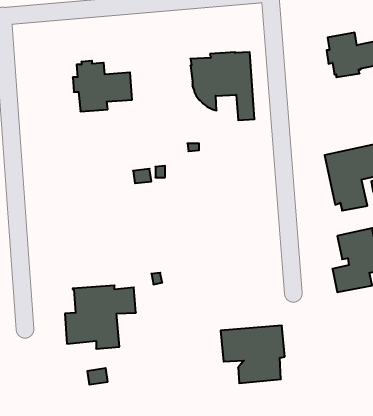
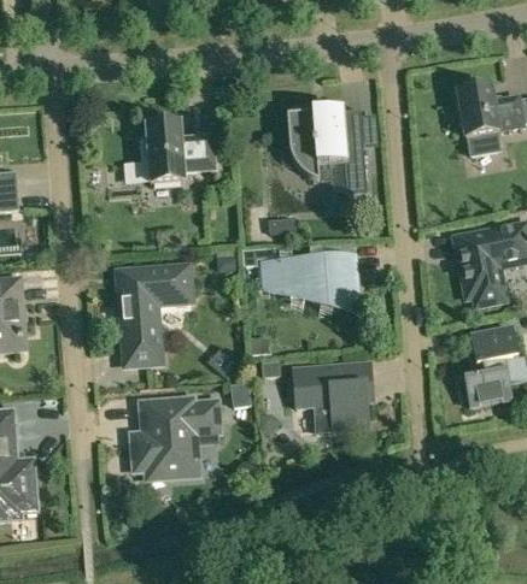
building: none -> [262,253,359,315]
building: none -> [117,265,191,364]
building: [221,326,285,383] -> [293,361,373,432]

